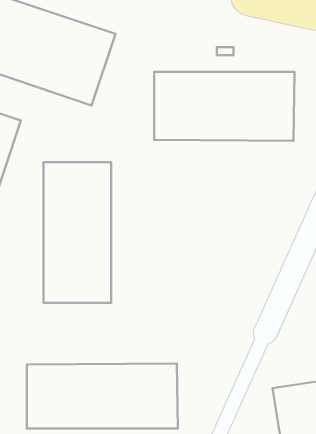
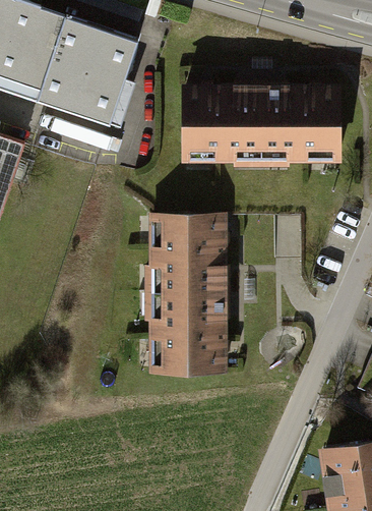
building: [43,162,111,303] -> [147,213,226,375]
building: [27,364,178,428] -> none

